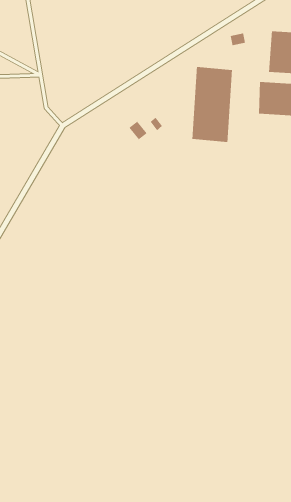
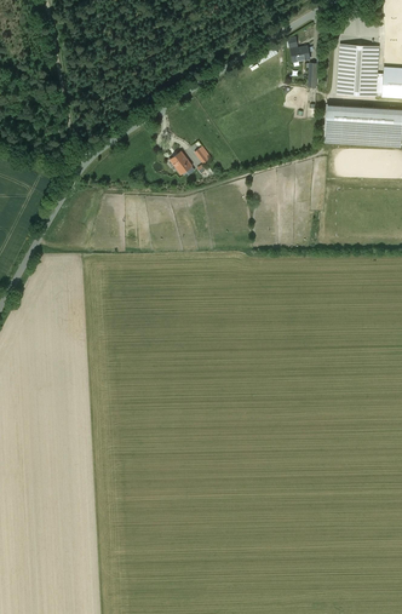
building: [192,66,232,143] -> none

